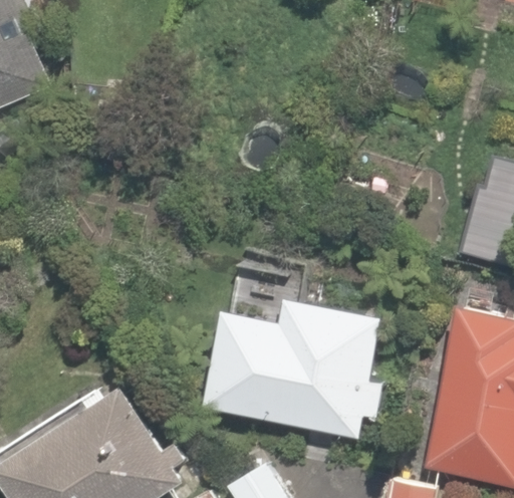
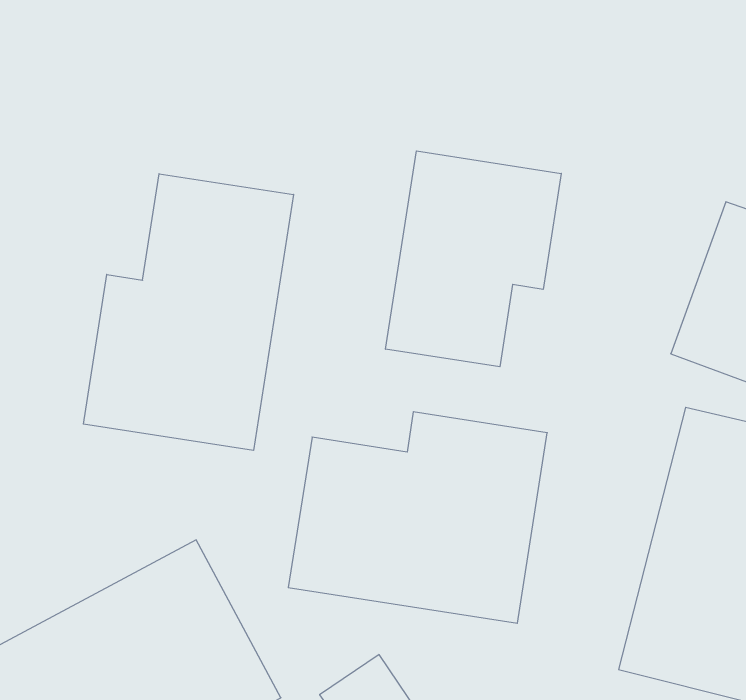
building: none -> [386,151,561,367]
building: none -> [83,174,294,450]

